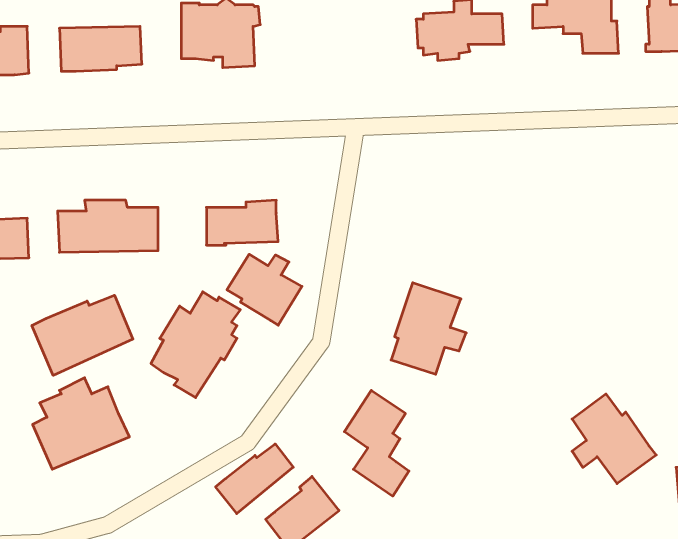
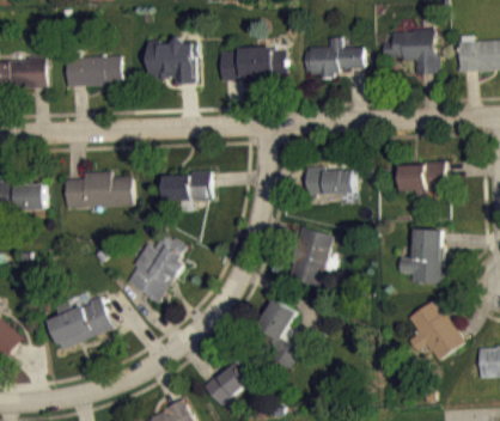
building: none -> [219,47,286,80]
building: none -> [397,161,445,199]
building: none -> [305,166,352,195]
building: [227,254,302,325] -> none
building: none -> [397,228,441,283]
building: [32,295,133,375] -> none
building: [216,444,293,514] -> none

